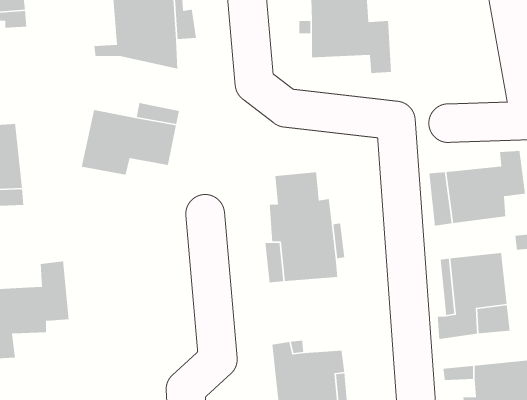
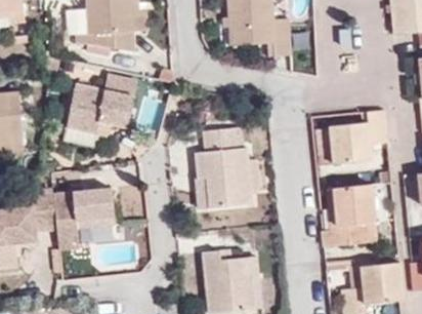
building: none -> [53,187,113,246]

